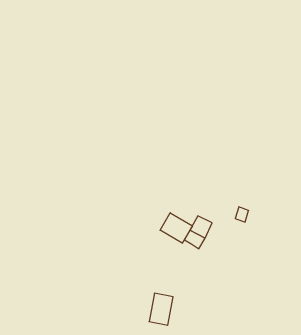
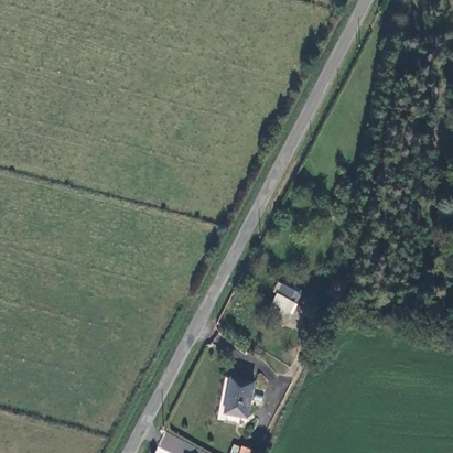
building: [160,213,192,243] -> none

